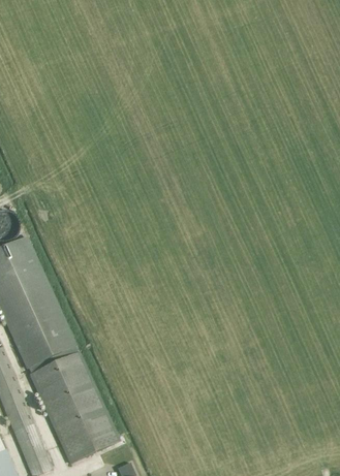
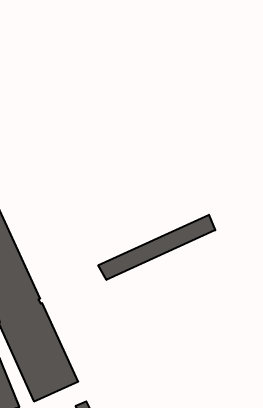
building: none -> [98,215,215,280]

